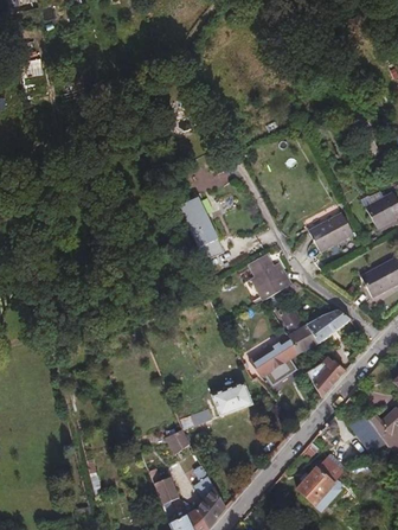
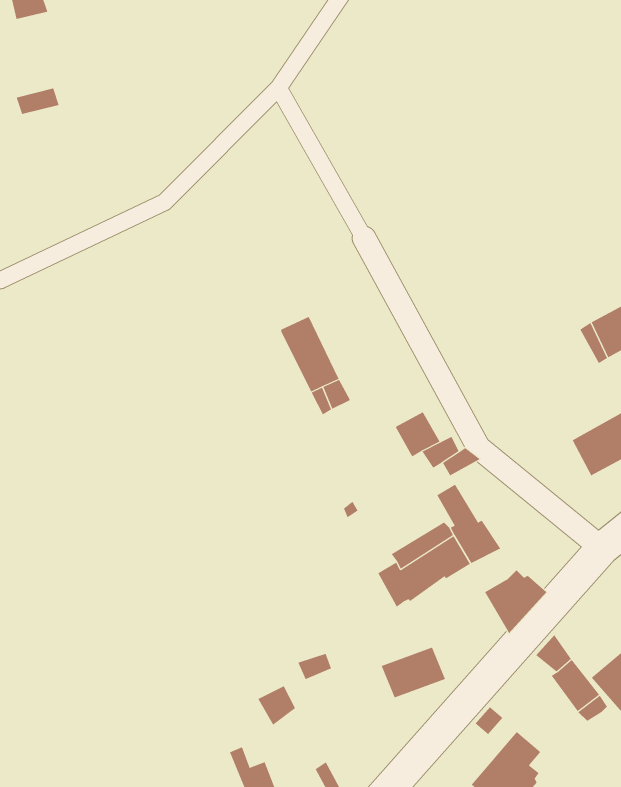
building: [309,212,354,253] -> none
building: [306,311,349,344] -> none
building: [212,384,252,416] -> [381,647,446,698]

